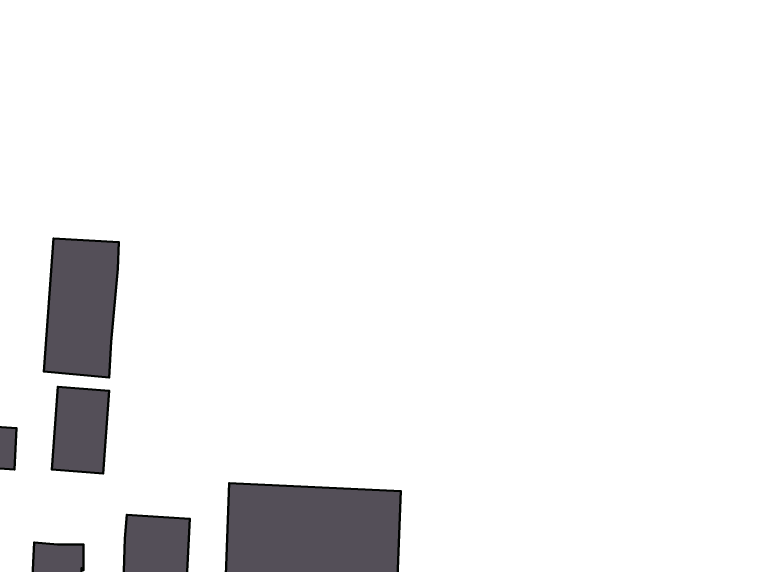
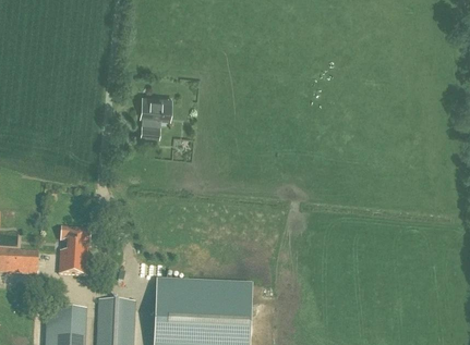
building: none -> [141,94,171,134]
building: [44,238,119,377] -> none

